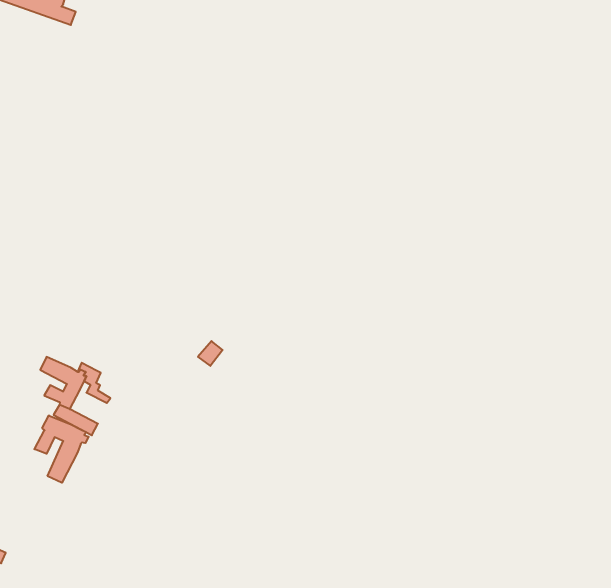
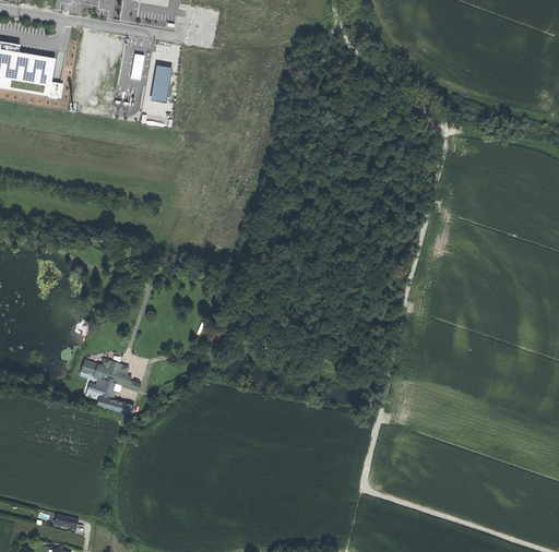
building: none -> [150,68,171,98]
building: [34,415,89,483] -> none

